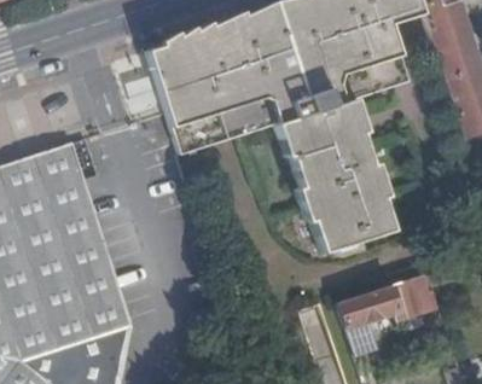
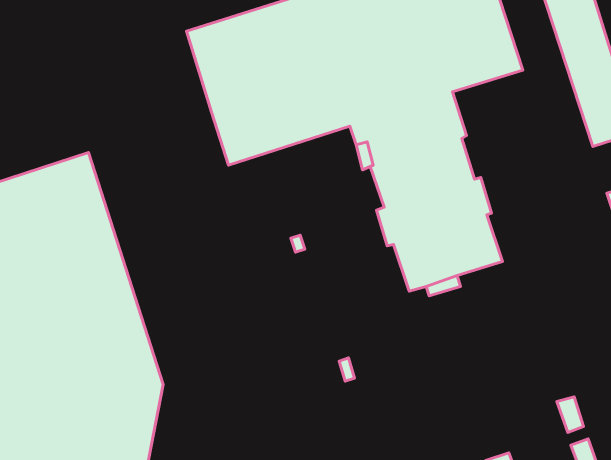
building: [336,272,439,353] -> none

